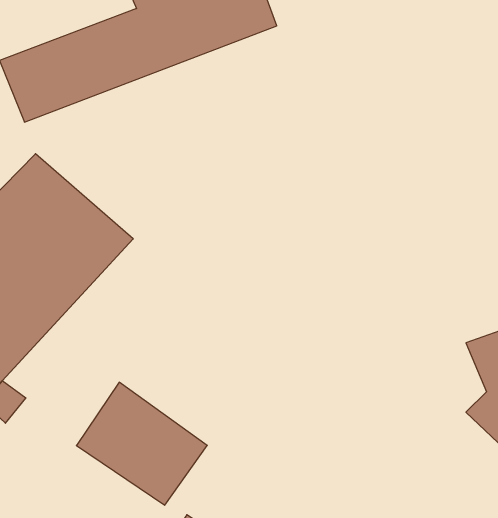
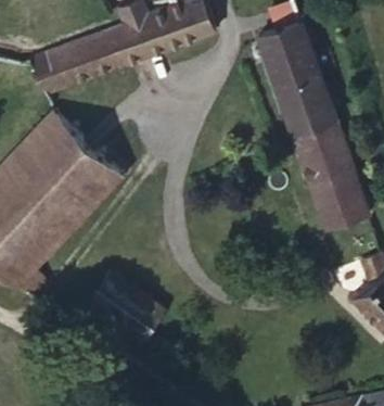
building: none -> [256,23,363,221]

